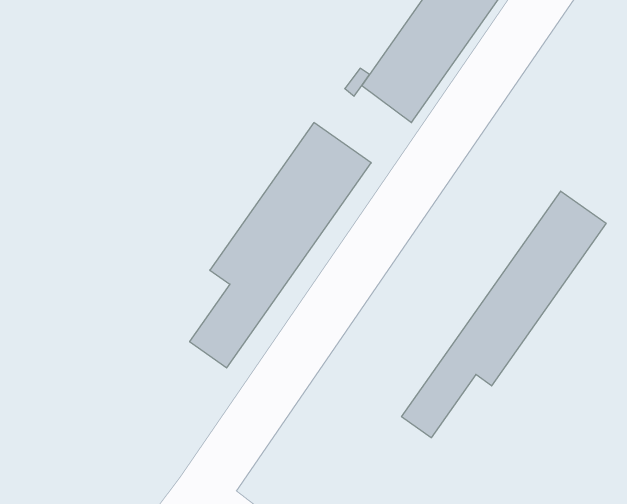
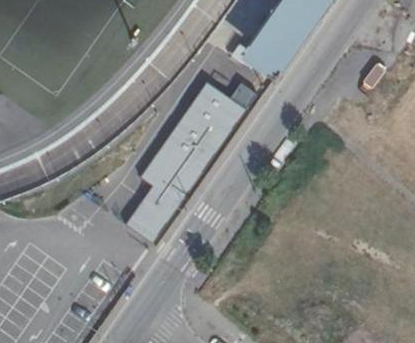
building: [402,191,606,438] -> none

